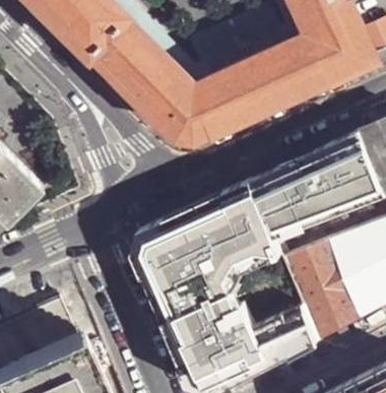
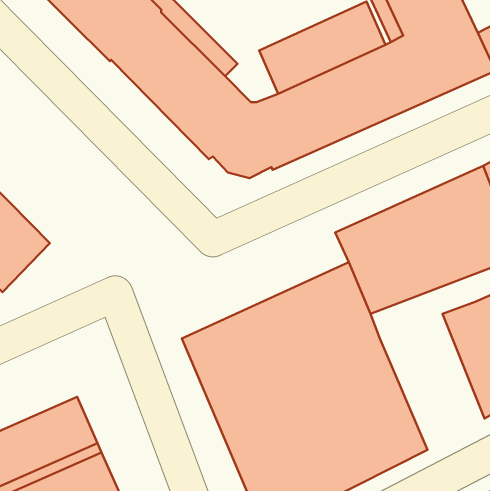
building: [135,181,264,262] -> none
building: [287,244,366,345] -> none

